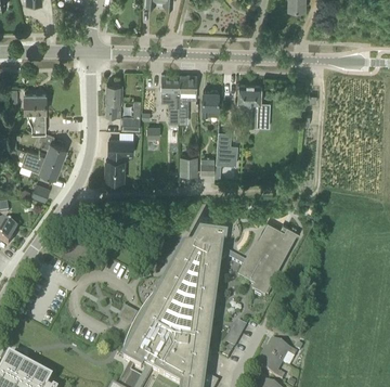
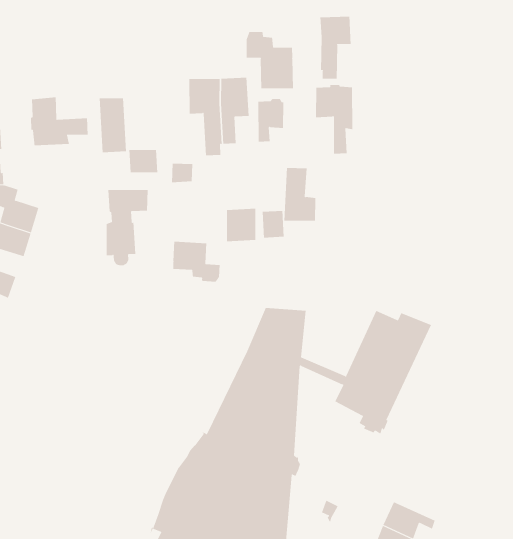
building: none -> [320,16,351,80]
building: none -> [246,31,293,89]
building: none -> [31,97,88,146]
building: none -> [173,241,220,283]

